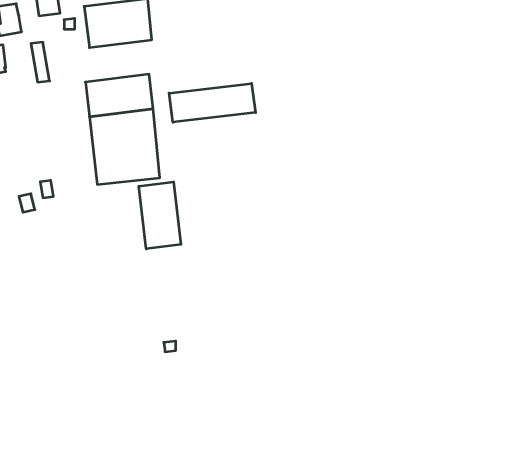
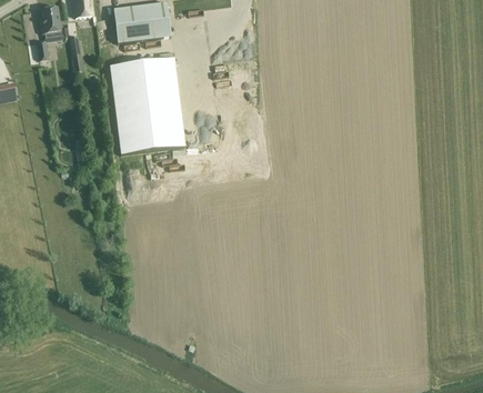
building: [169,83,256,122] -> none
building: [139,182,181,249] -> none

